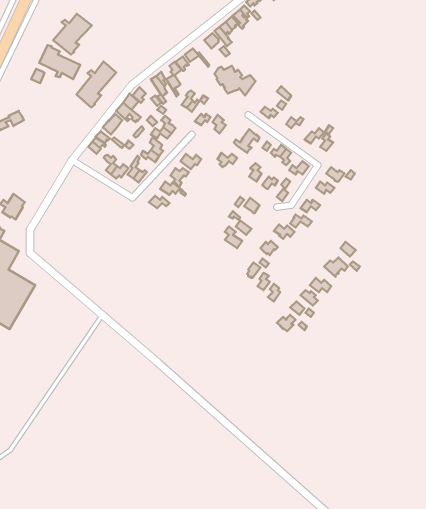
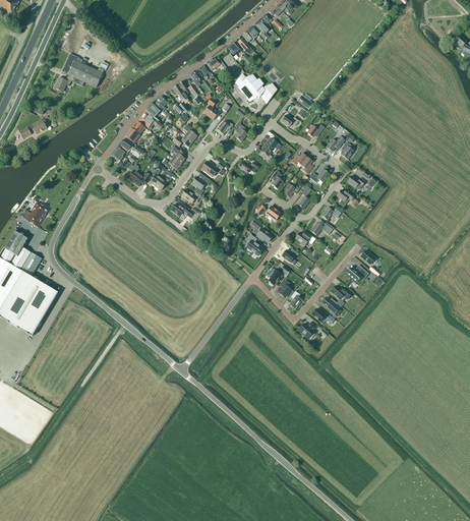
building: [53,14,92,54] -> none
building: [76,62,116,108] -> none

